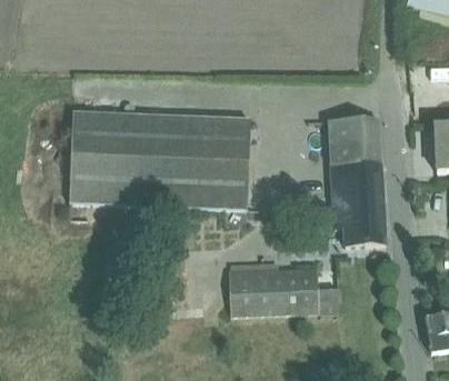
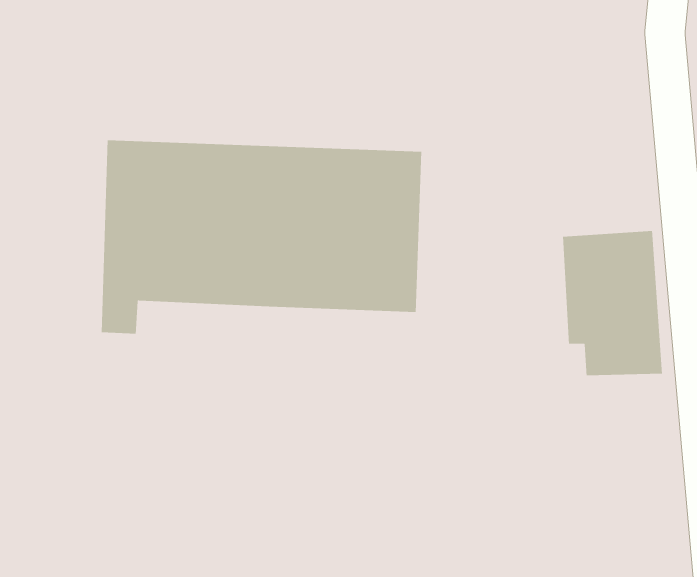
building: [328,117,380,166] -> none
building: [229,267,338,314] -> none

